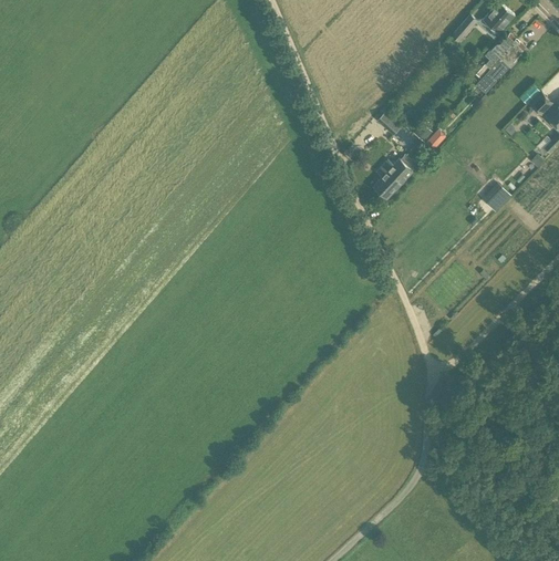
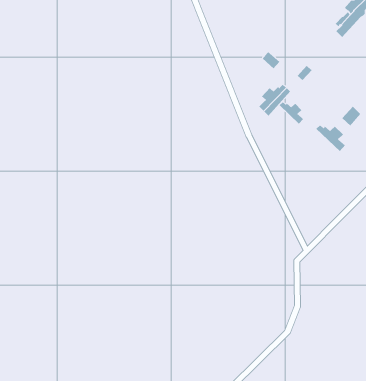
building: none -> [279,102,304,125]
building: none -> [315,124,346,152]

